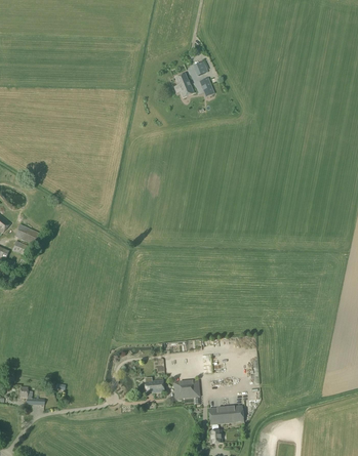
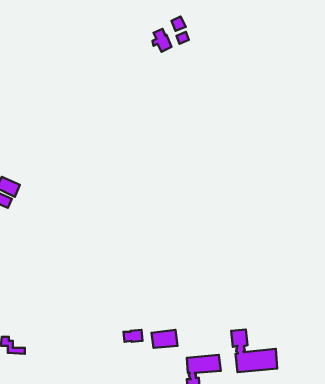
building: none -> [231,329,277,372]

